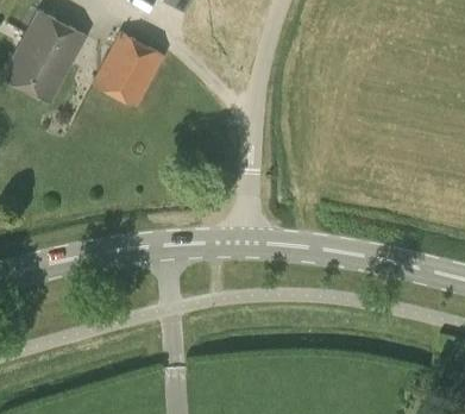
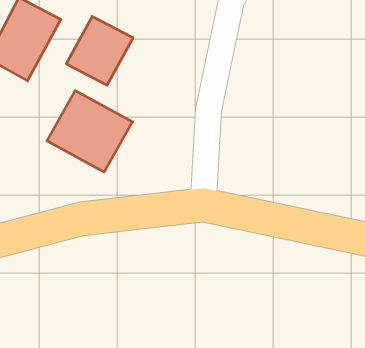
building: none -> [47,91,133,172]

